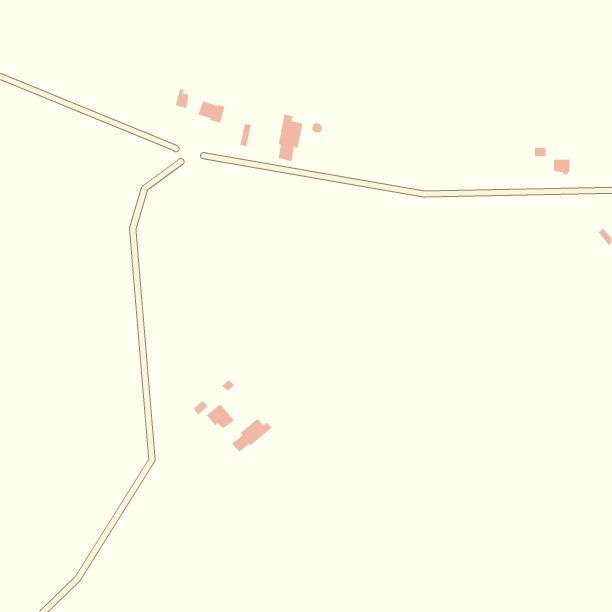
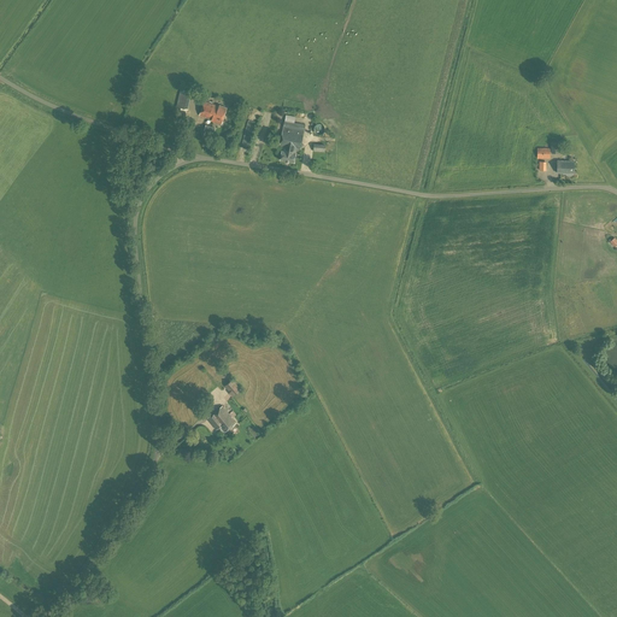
building: [231,418,272,452] -> none

